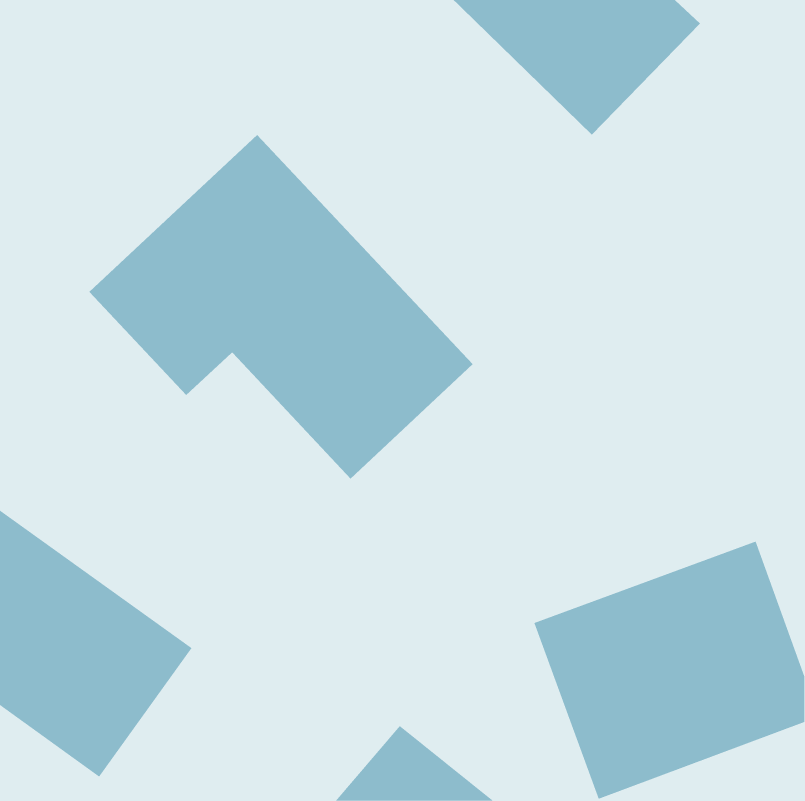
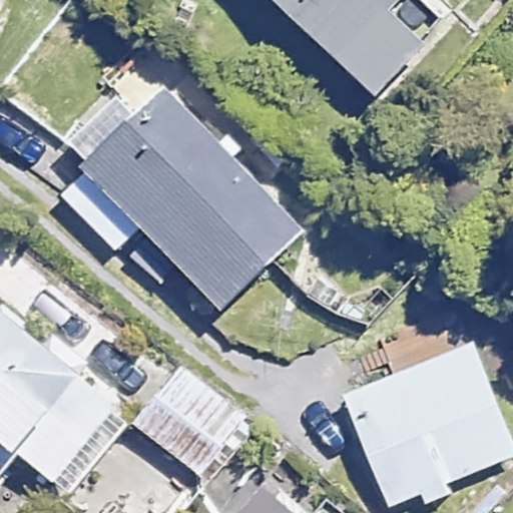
building: none -> [133,364,259,484]

